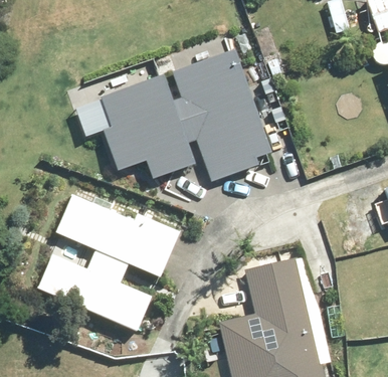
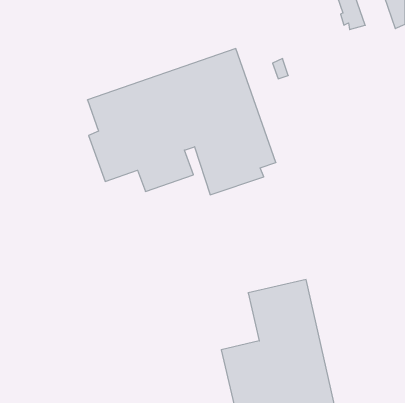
building: [37,194,182,331] -> none

